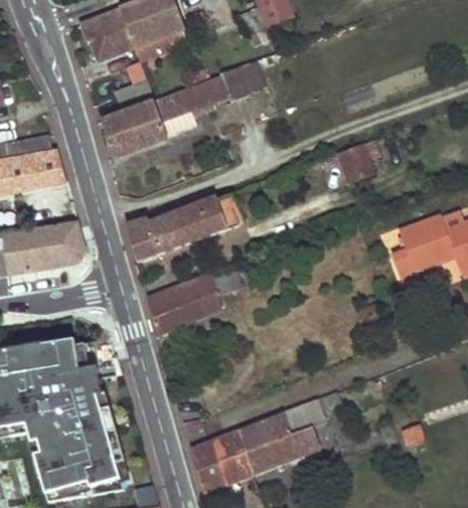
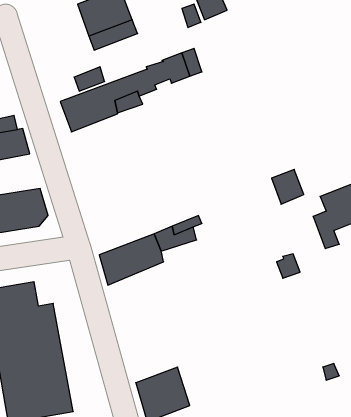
building: [83,9,134,59] -> none
building: [336,143,373,183] -> [272,169,304,204]
building: [125,194,238,261] -> none
building: [237,390,340,473] -> none

